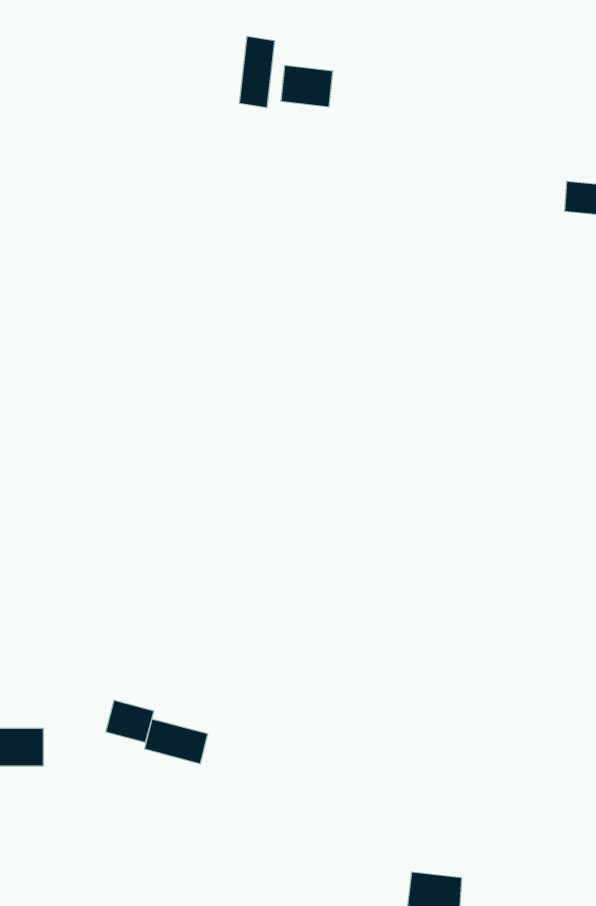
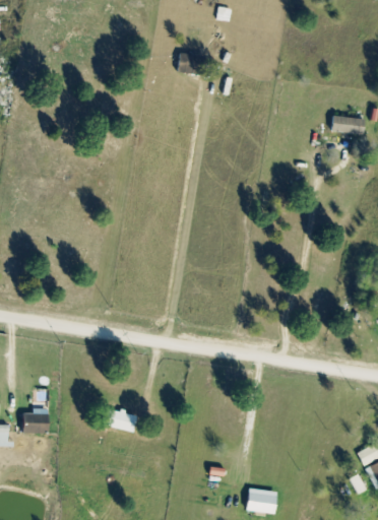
building: [240,36,275,108] -> none
building: [106,700,154,743] -> none

